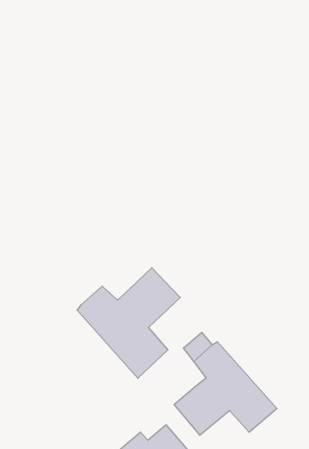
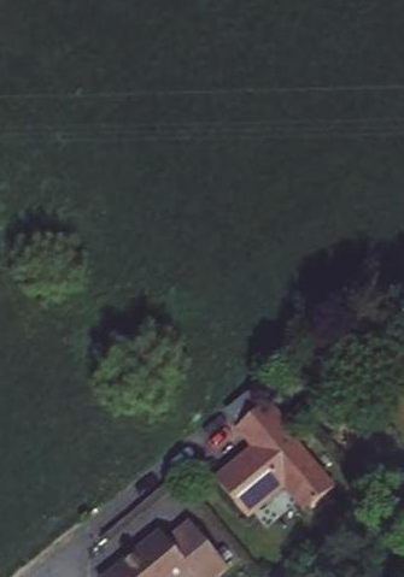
building: [77,268,180,378] -> none

